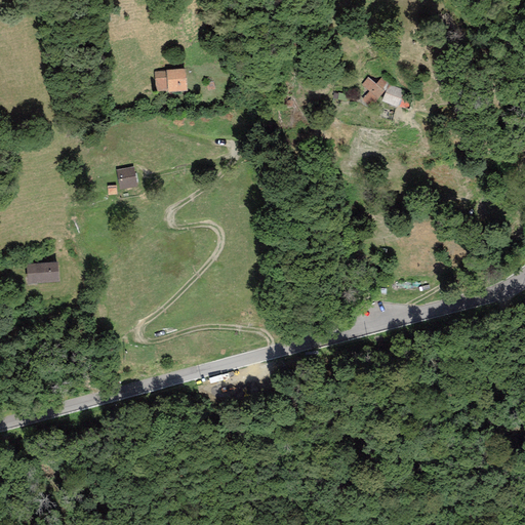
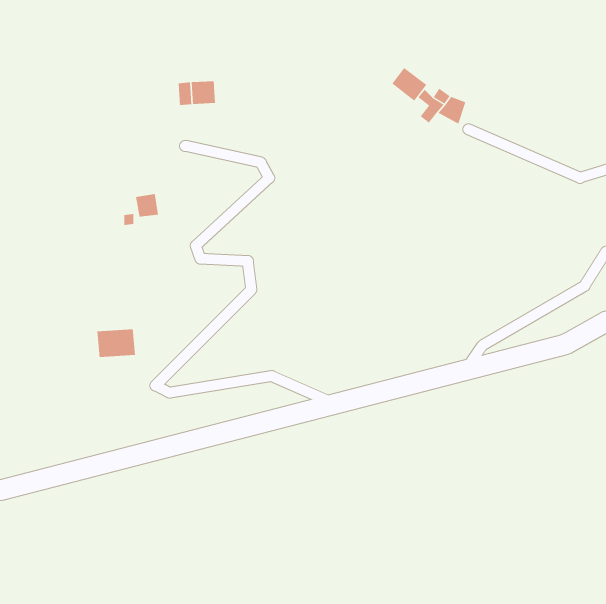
building: none -> [391,67,427,101]
building: [26,260,59,285] -> [97,329,136,357]

